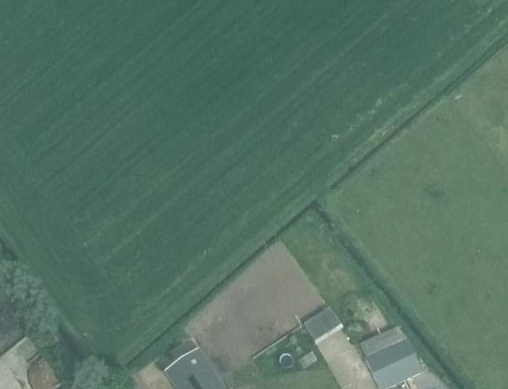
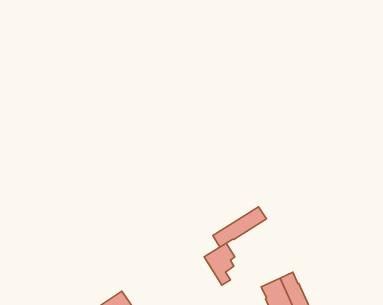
building: none -> [213,207,266,247]

